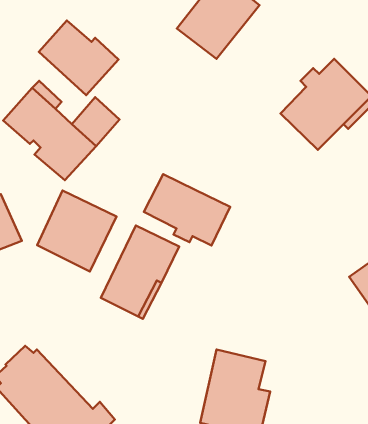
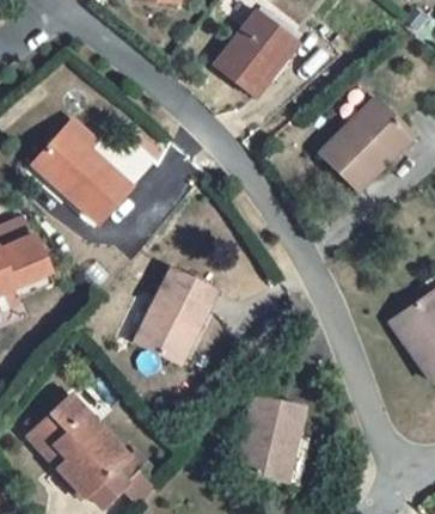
building: [39,21,119,95] -> none
building: [144,174,230,245] -> none
building: [37,190,117,271] -> none

